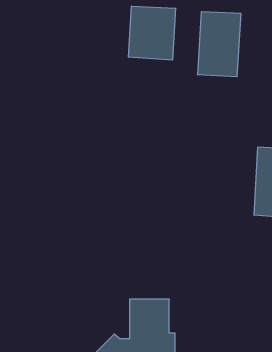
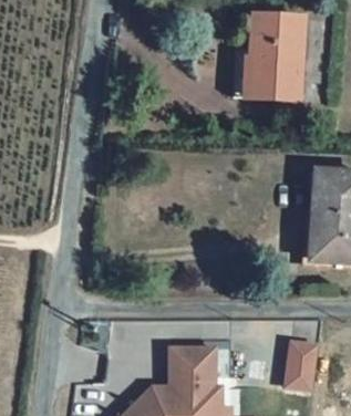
building: [129,6,176,60] -> none
building: none -> [283,343,316,392]

